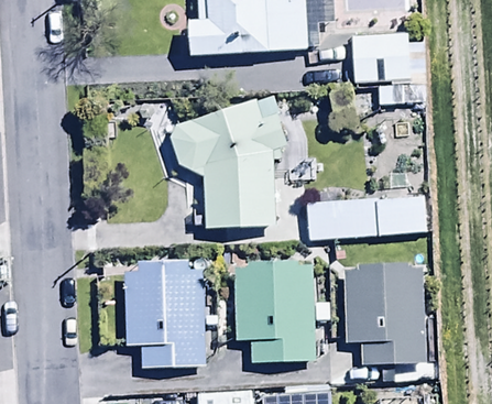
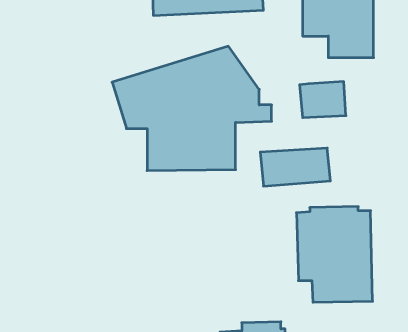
building: [376,196,426,234] -> [300,82,346,118]
building: [125,260,206,369] -> none
building: [233,260,329,362] -> none

